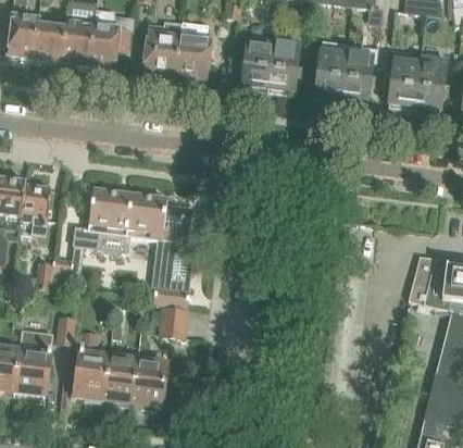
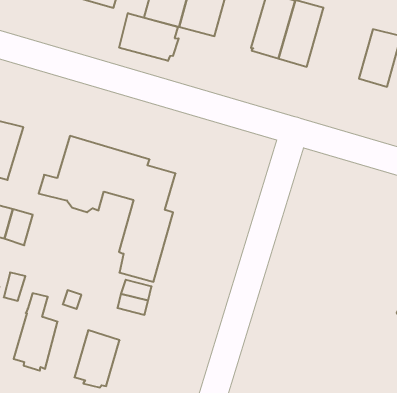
building: [315,39,348,101] -> none
building: none -> [119,13,179,61]
building: [104,356,137,405] -> none

